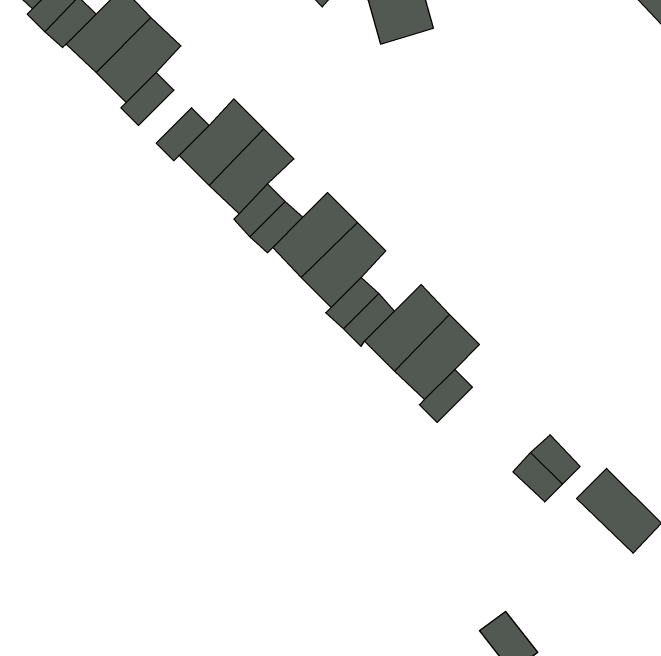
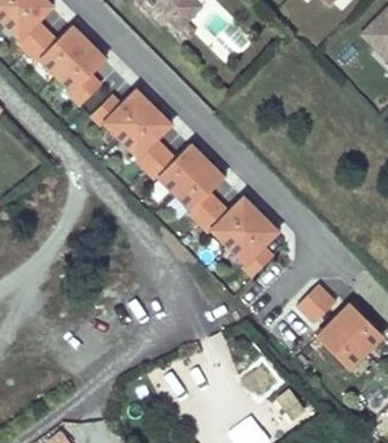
building: none -> [316,320,366,369]

